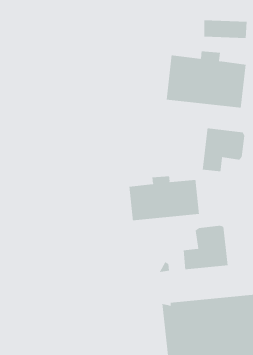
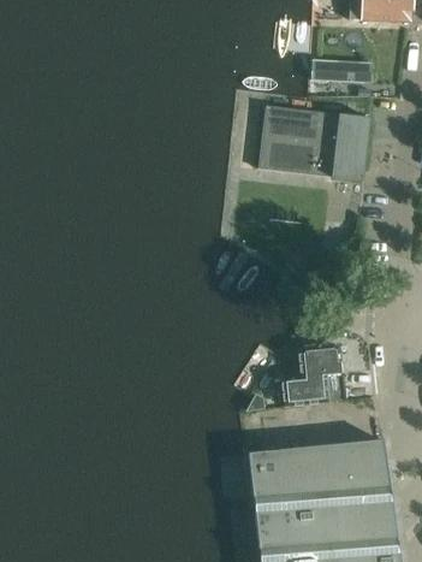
building: [202,127,245,172] -> none
building: [129,175,199,221] -> none

